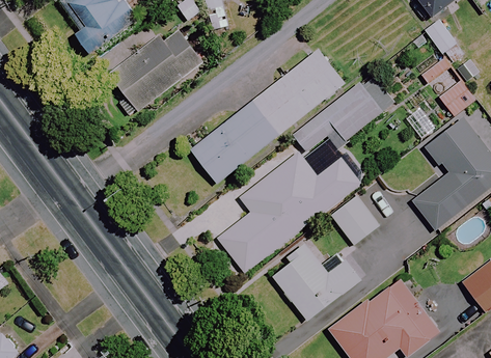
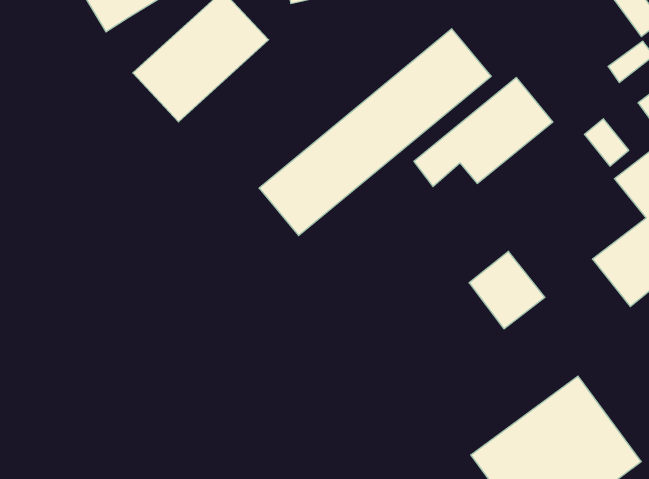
building: [215,152,359,273] -> none
building: [275,239,365,320] -> none

